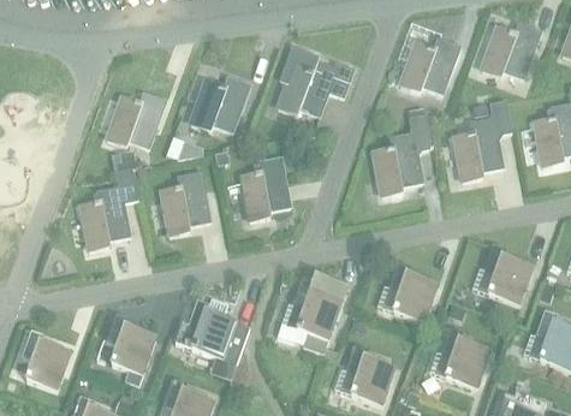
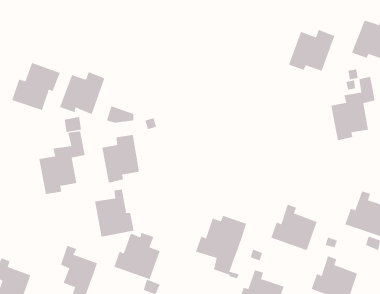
building: [276,46,352,115] -> none
building: [190,77,249,131] -> none
building: none -> [12,62,61,111]
building: [373,113,433,196] -> none
building: [240,158,290,220] -> none
building: none -> [94,189,134,237]

